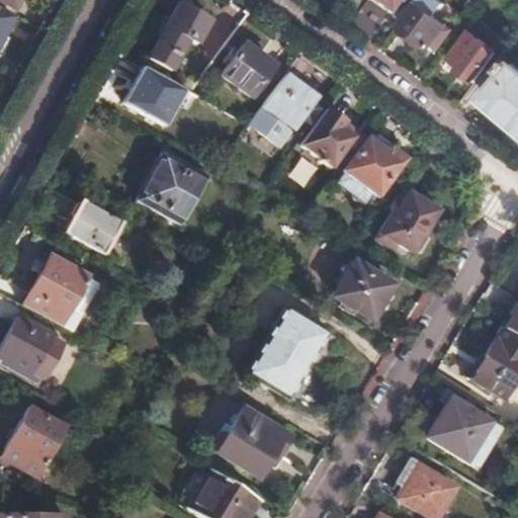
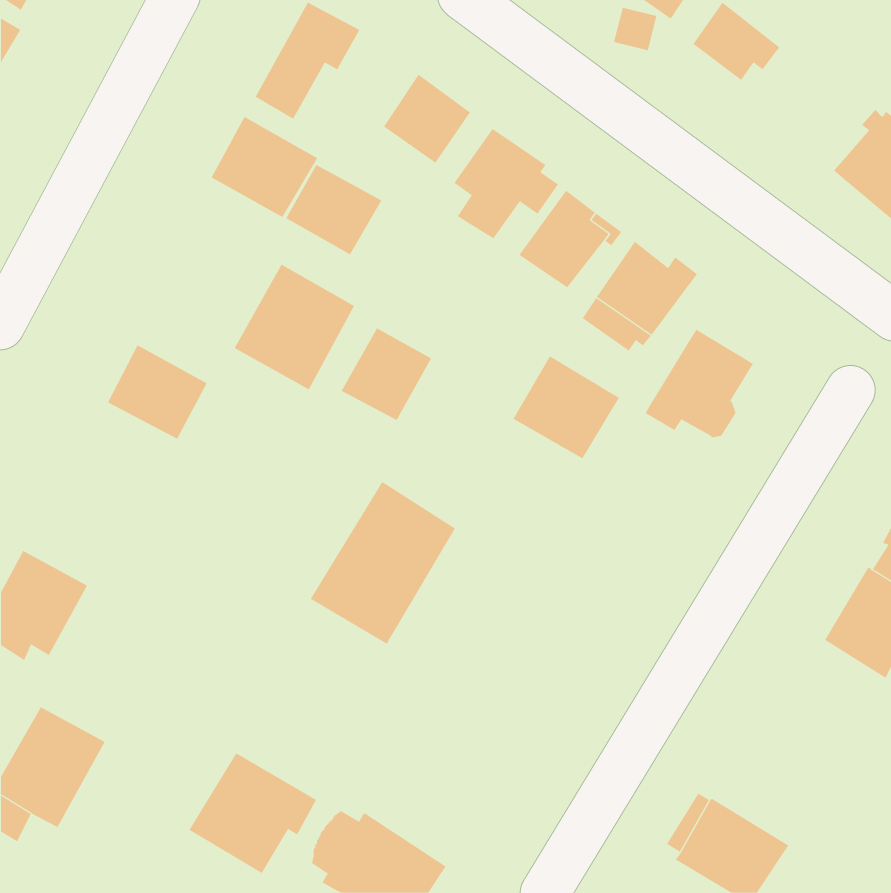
building: [454,24,498,80] -> none
building: none -> [286,164,382,255]
building: none -> [341,327,432,421]
building: [24,255,89,326] -> none
building: [333,258,395,318] -> [512,356,620,459]
building: [246,304,330,398] -> [310,481,456,645]
building: [428,399,498,465] -> none
building: [217,408,290,478] -> [188,752,317,874]

